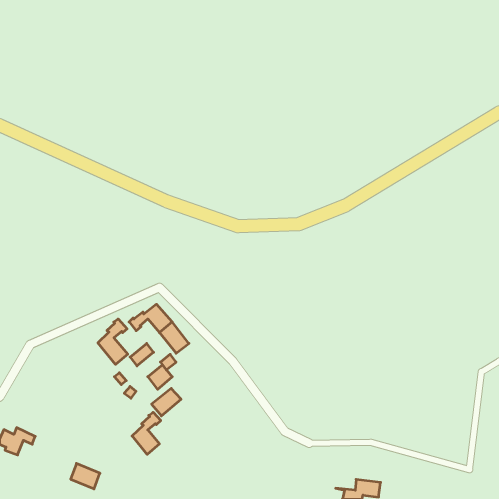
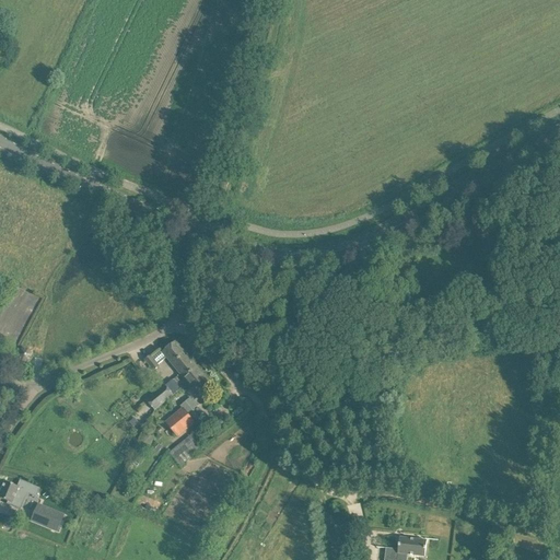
building: [98,319,128,364] -> none
building: [132,412,161,454] -> none
building: [71,463,100,489] -> [31,502,63,530]

